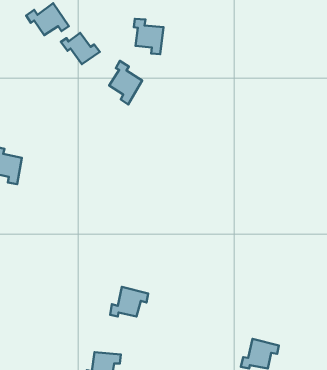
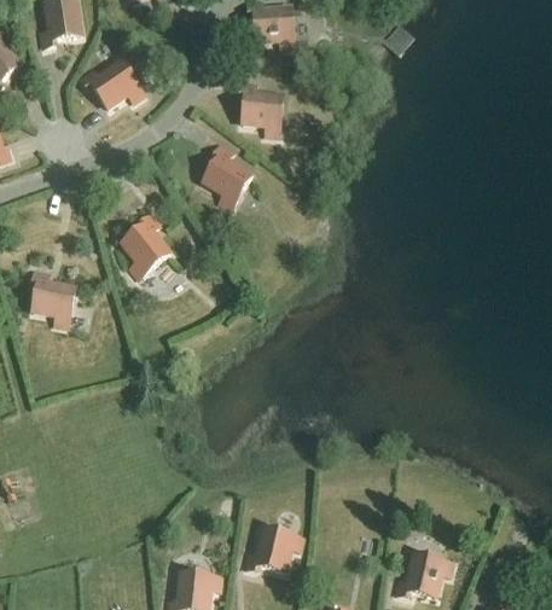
building: [61,33,100,64] -> none
building: none -> [122,213,170,277]
building: [110,287,148,317] -> [246,527,302,570]

